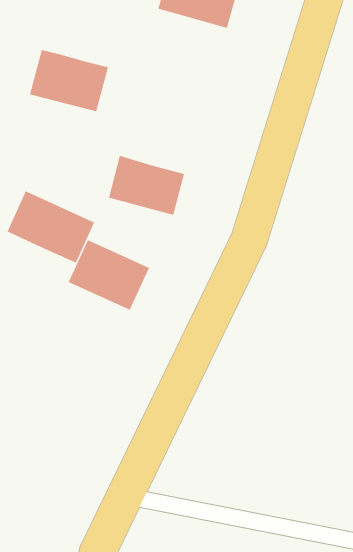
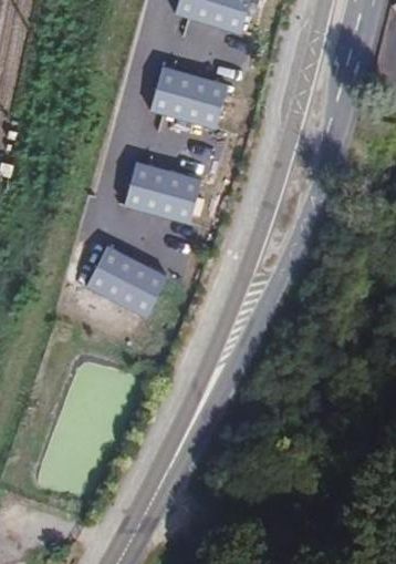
building: [29,50,109,112] -> [148,64,229,127]
building: [7,190,95,264] -> none

